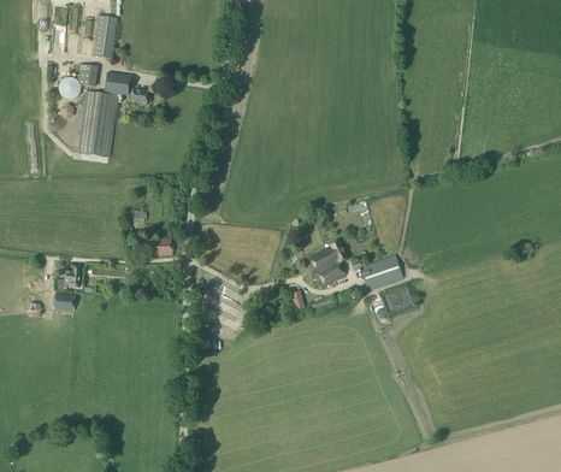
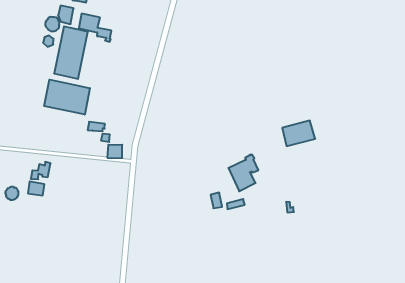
building: none -> [44,80,90,115]
building: [360,255,403,290] -> [282,121,315,146]

